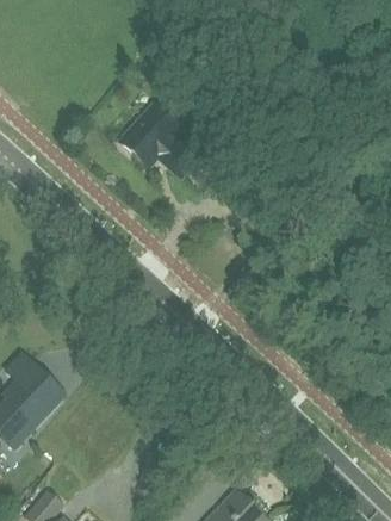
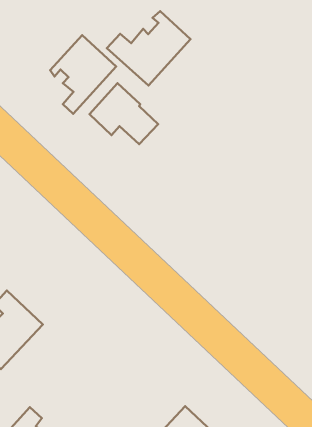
building: none -> [107,11,191,86]
building: none -> [50,35,116,114]

